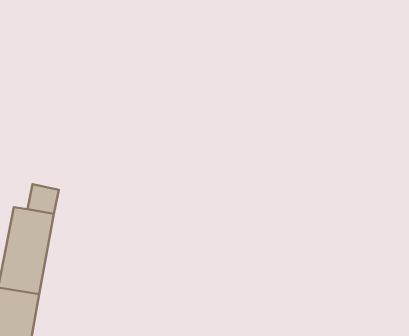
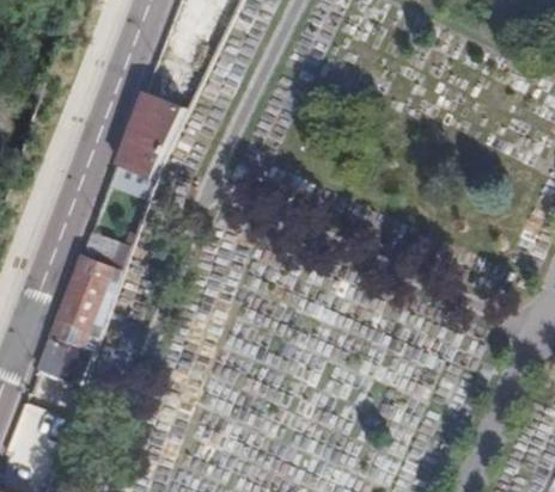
building: none -> [108,96,181,183]

